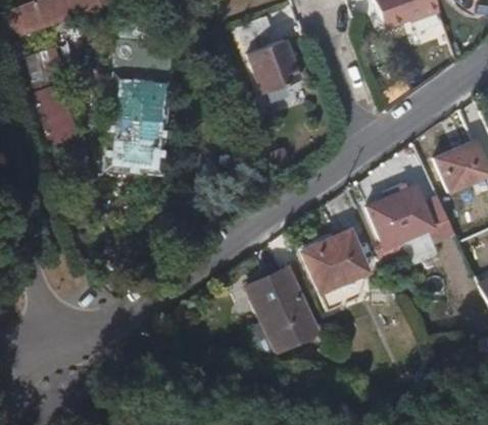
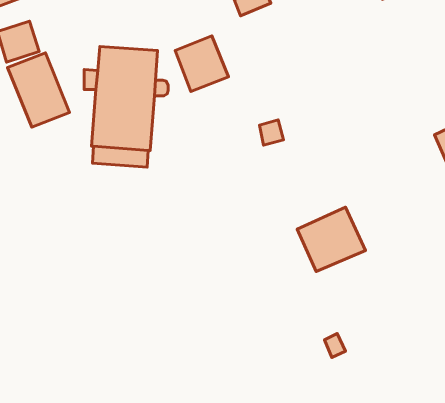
building: [251,39,303,93] -> [175,36,229,91]
building: [371,187,436,248] -> none
building: [250,269,318,350] -> none

